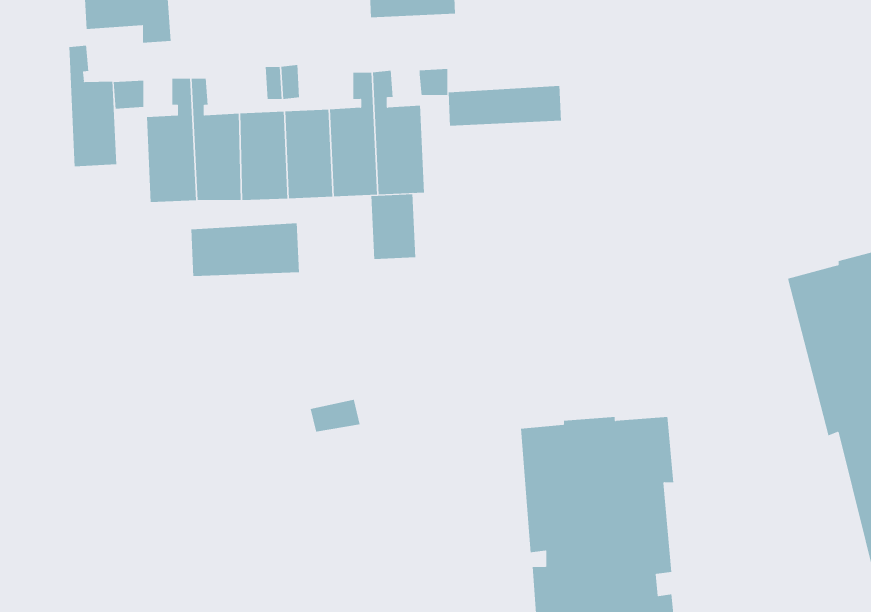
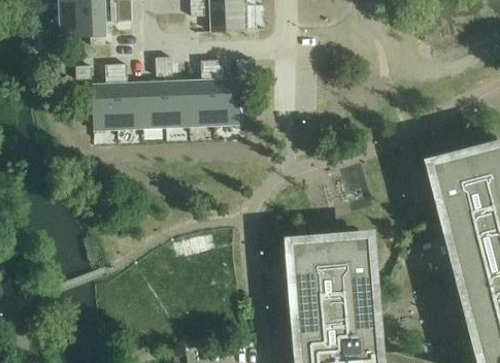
building: [69,45,117,167] -> none
building: [448,85,562,126] -> none
building: [371,193,416,260] -> none
building: [191,223,299,277] -> none

